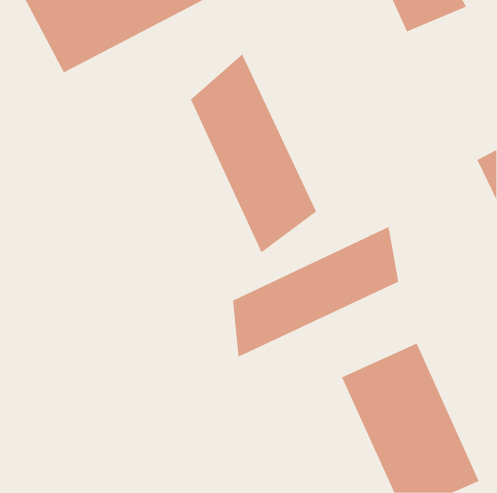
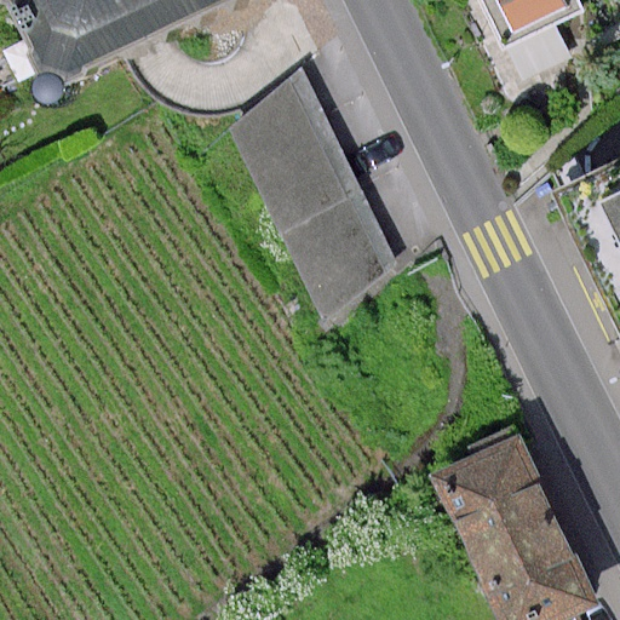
building: [233,226,399,358] -> none

